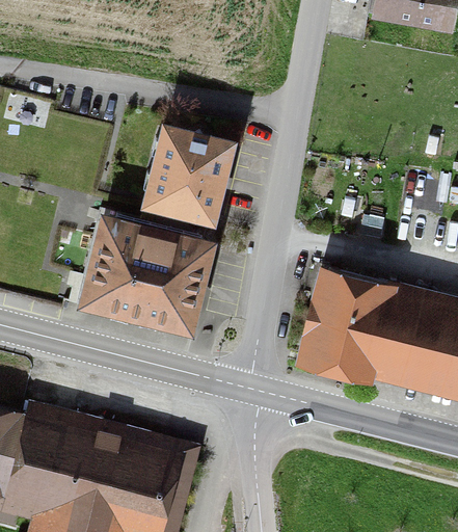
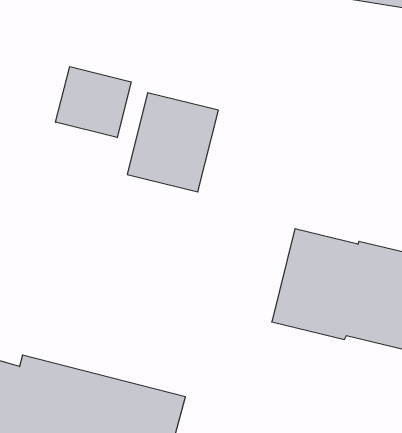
building: none -> [56,67,131,138]
building: [77,212,217,337] -> none

